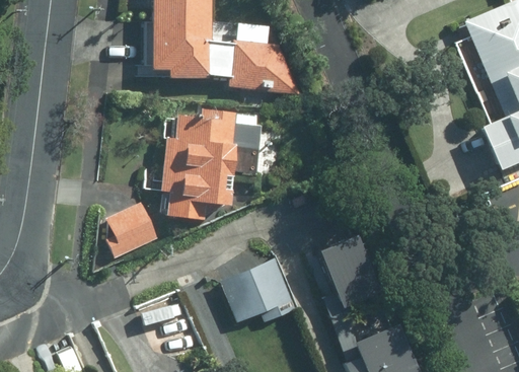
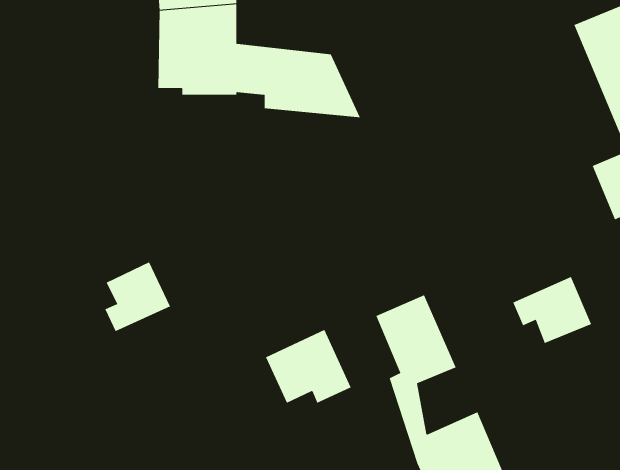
building: [161,109,262,225] -> none
building: none -> [513,276,592,344]

